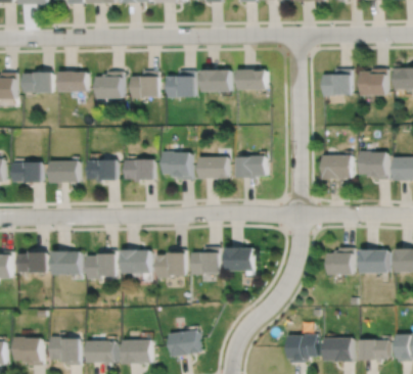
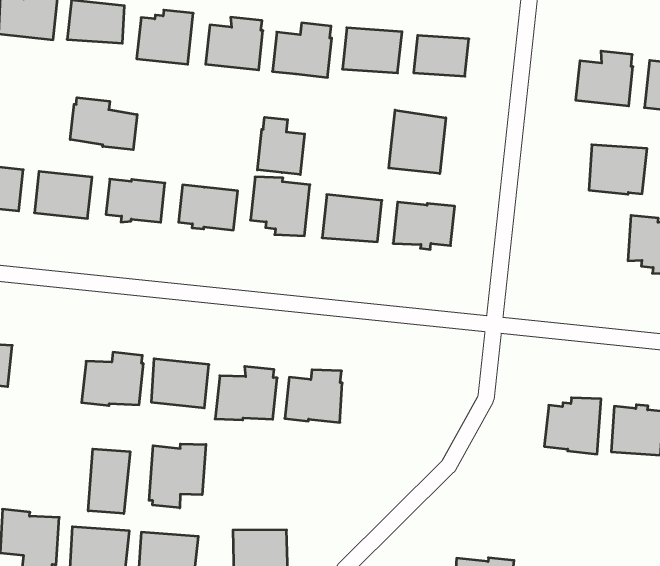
building: none -> [389,110,446,174]
building: none -> [257,117,305,175]
building: none -> [70,98,137,150]
building: [322,155,351,180] -> [589,145,647,194]
building: [224,247,253,272] -> none
building: [50,250,80,275] -> none
building: none -> [149,444,206,508]
building: none -> [88,449,130,514]

